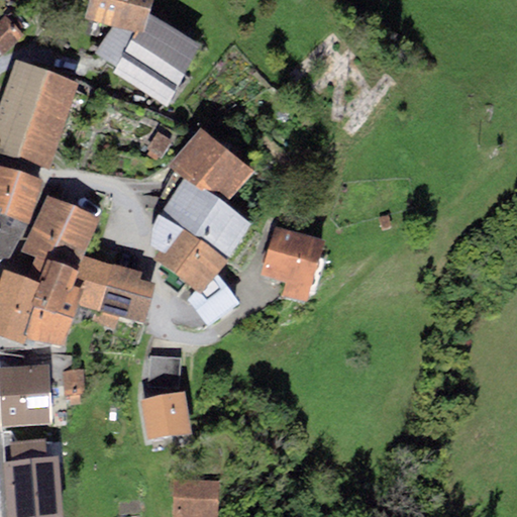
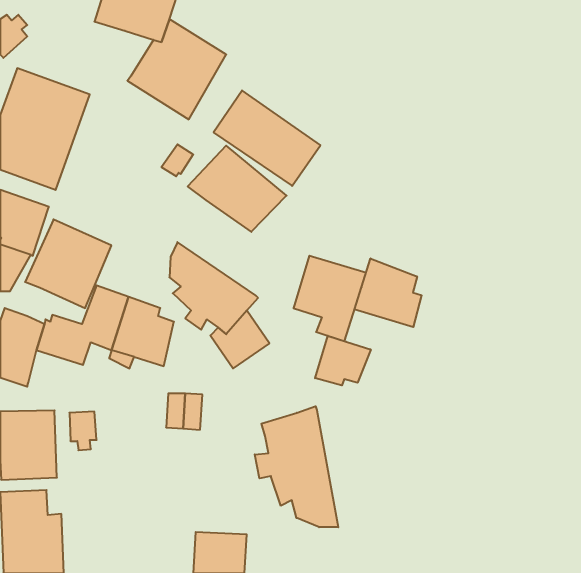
building: [94,27,136,68] -> none
building: [158,178,252,263] -> [214,90,320,186]
building: none -> [355,258,422,327]
building: [24,255,78,288] -> none
building: none -> [315,336,371,385]
building: [25,311,74,348] -> none
building: none -> [255,406,338,527]
building: [140,385,192,434] -> none

